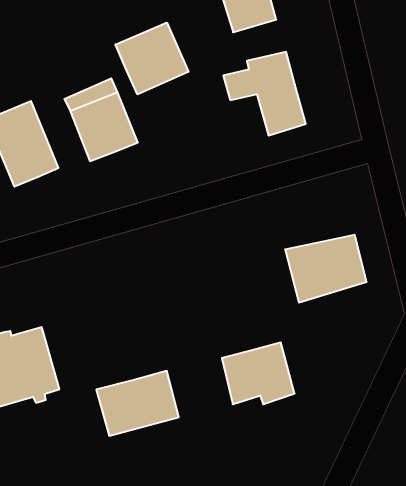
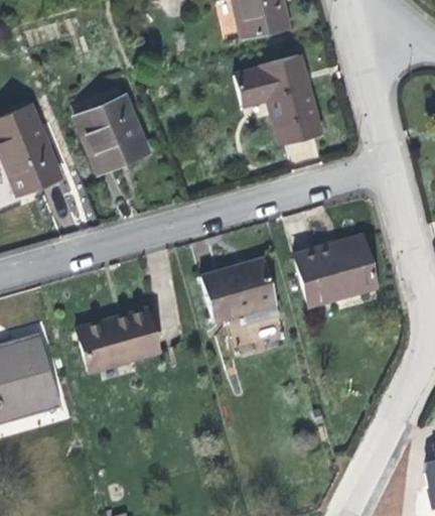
building: [115,23,188,94] -> none
building: [222,342,295,404] -> [203,262,278,326]
building: [96,371,179,436] -> [74,306,158,373]

